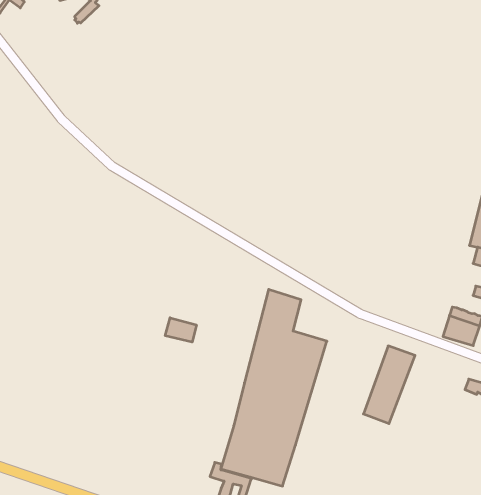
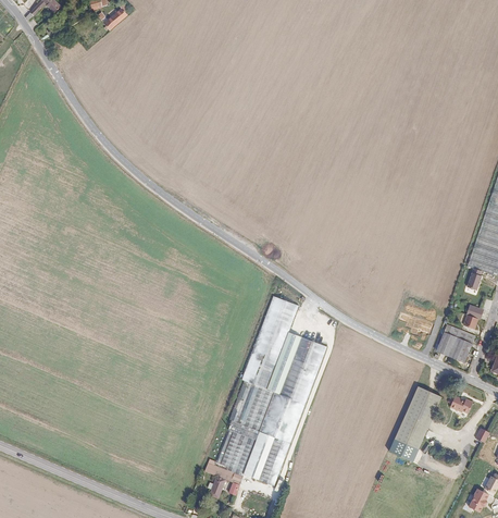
building: [165,318,196,342] -> none
building: [363,346,415,424] -> [388,386,441,460]

